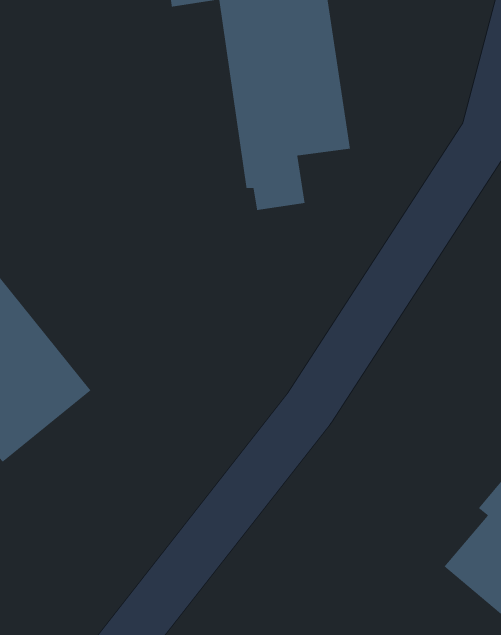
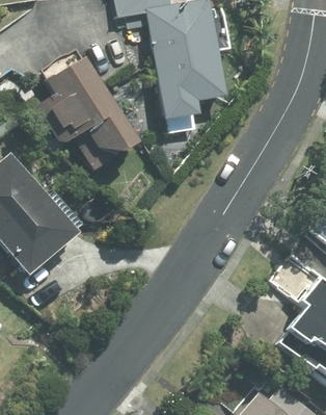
building: none -> [38,57,134,166]

